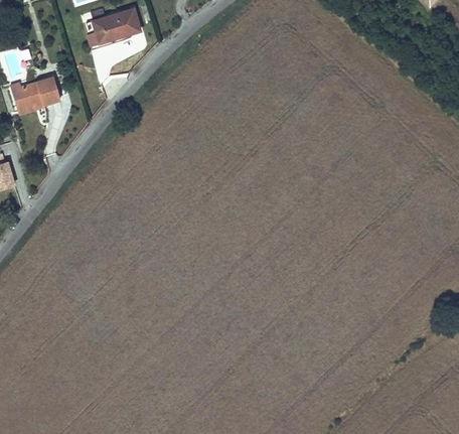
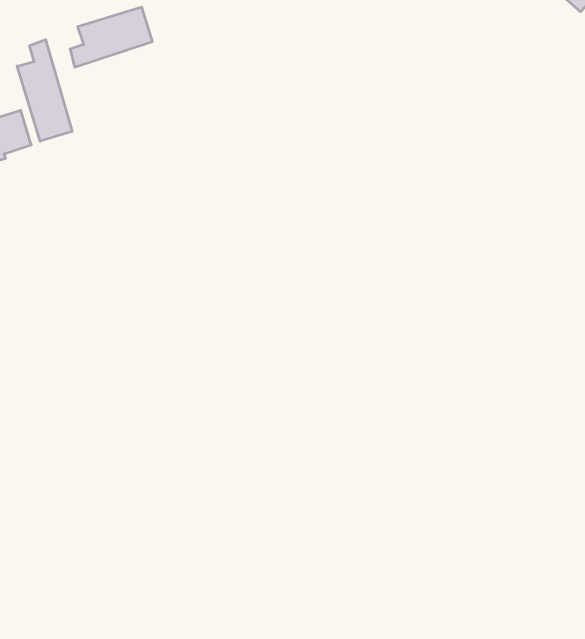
building: none -> [17,40,72,141]

